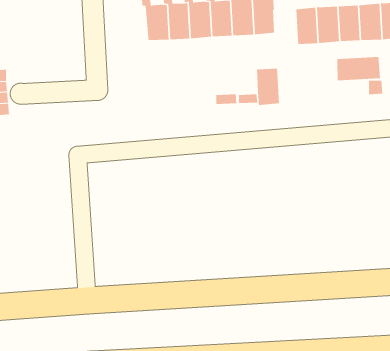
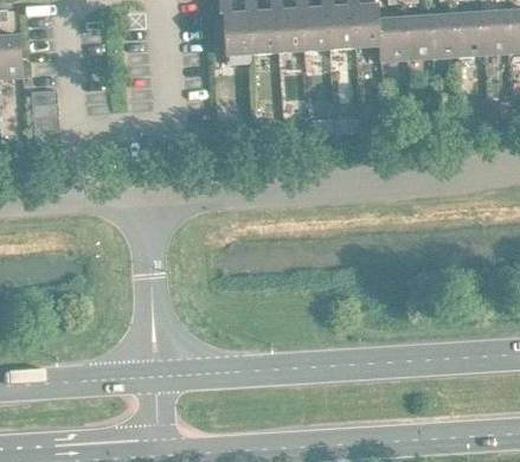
building: [337,56,380,81] -> none
building: [256,68,280,105] -> [377,17,405,62]

